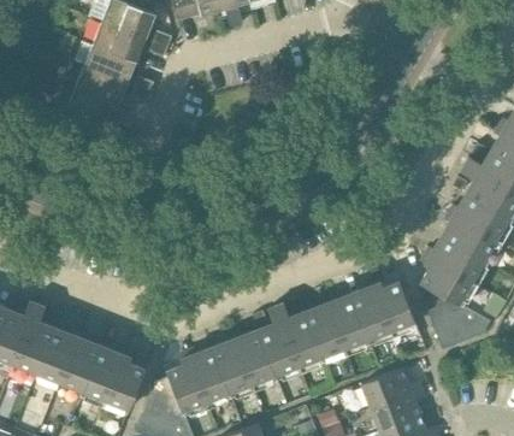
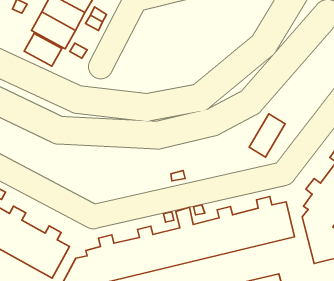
building: none -> [24,34,62,66]
building: none -> [249,114,285,157]

